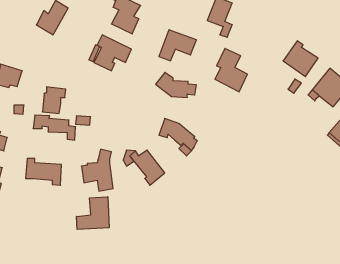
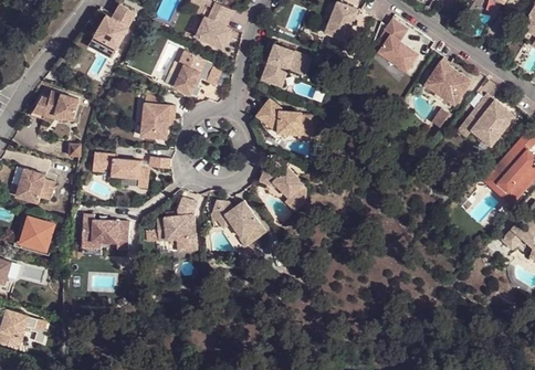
building: [215,48,247,92] -> [376,20,419,77]
building: [42,87,66,113] -> [143,104,174,139]
building: [77,197,109,229] -> none

